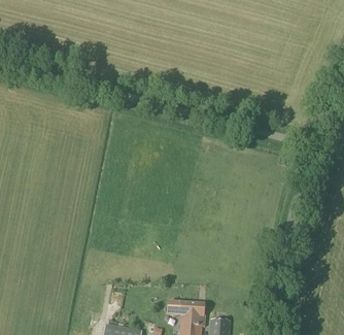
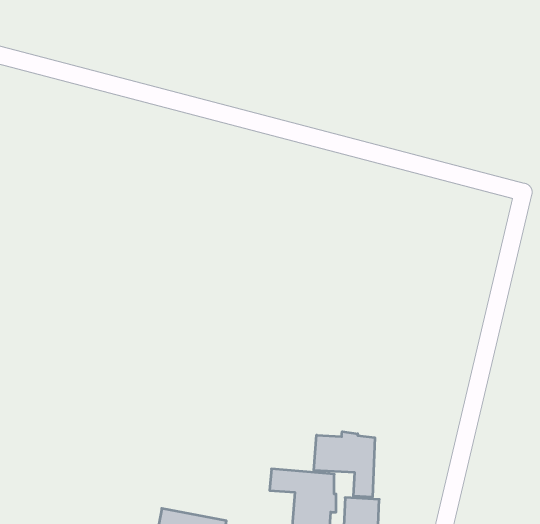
building: none -> [314,432,375,497]

